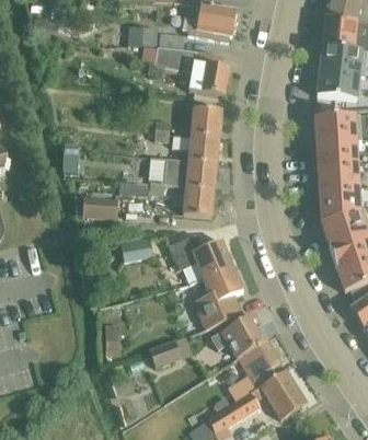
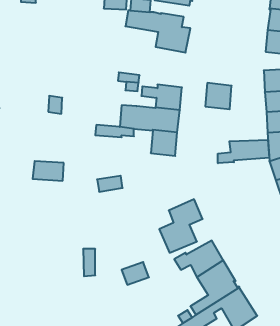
building: [191,106,221,137] -> [205,83,232,109]
building: [80,196,116,219] -> [33,161,64,181]
building: none -> [218,140,269,163]
building: [169,233,233,285] -> none

